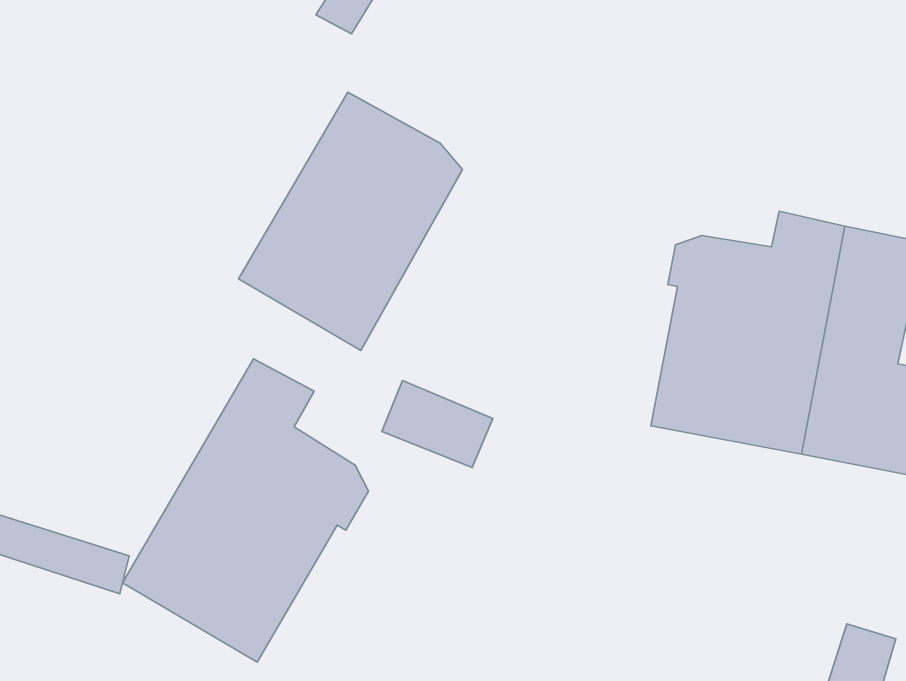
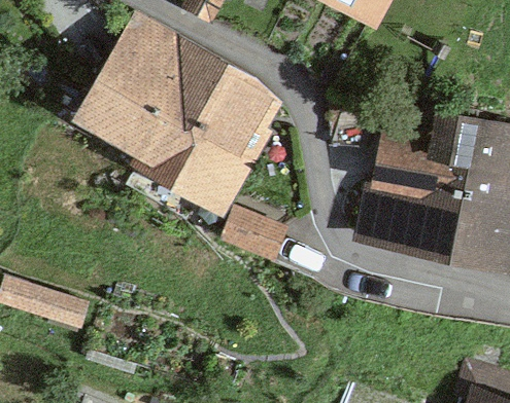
building: none -> [91,26,204,158]
building: [123,359,369,662] -> none

